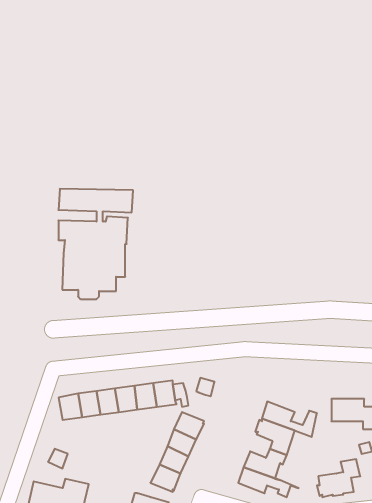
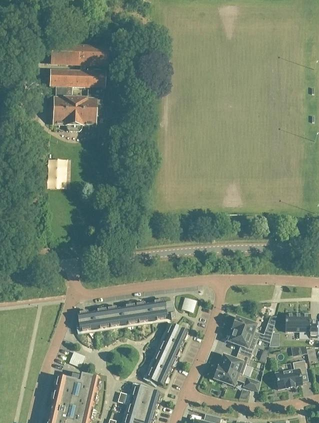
building: [58,189,133,299] -> [50,47,107,131]

